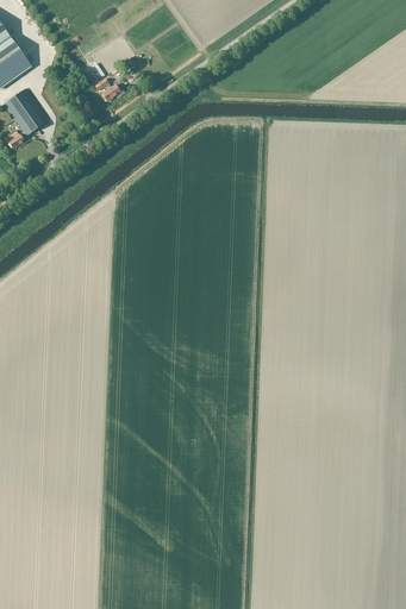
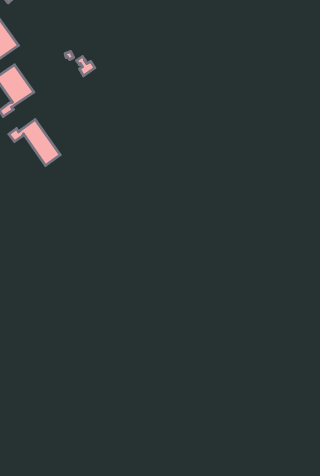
building: none -> [9,119,60,165]

